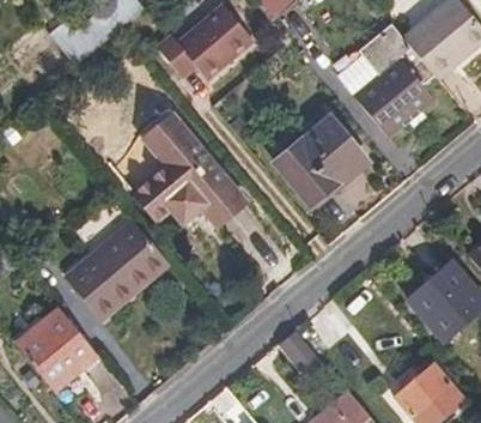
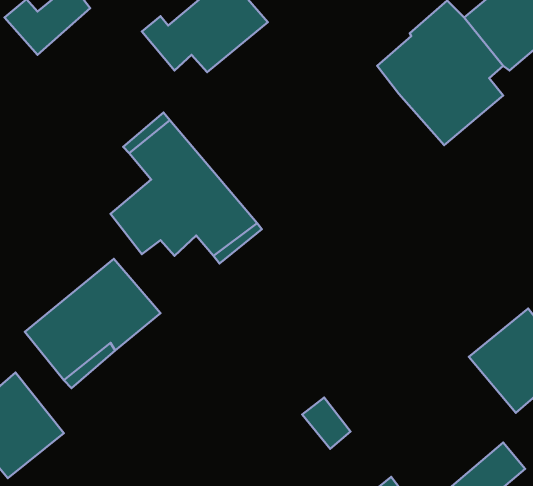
building: [276,114,367,203] -> none

